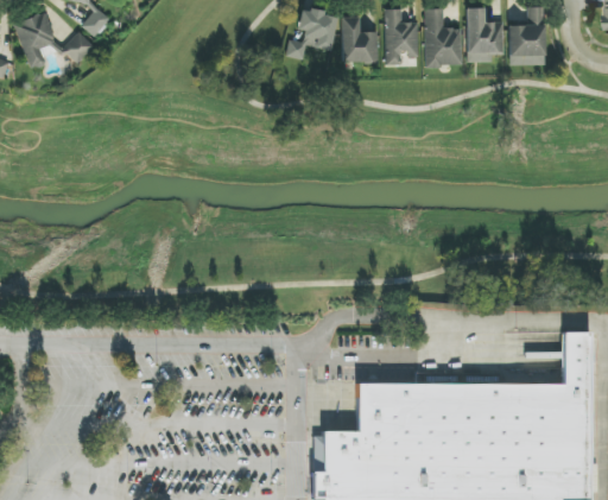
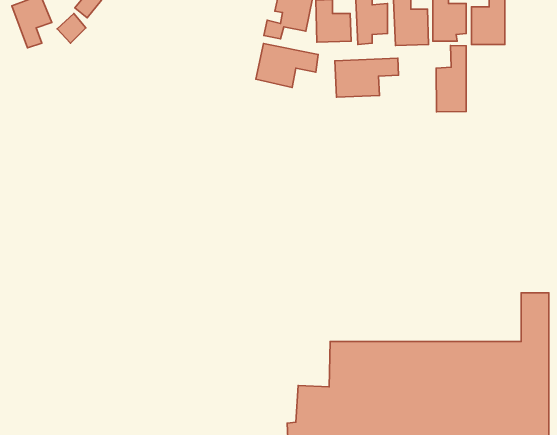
building: none -> [256,44,318,87]
building: none -> [436,45,466,112]
building: none -> [335,58,399,97]

